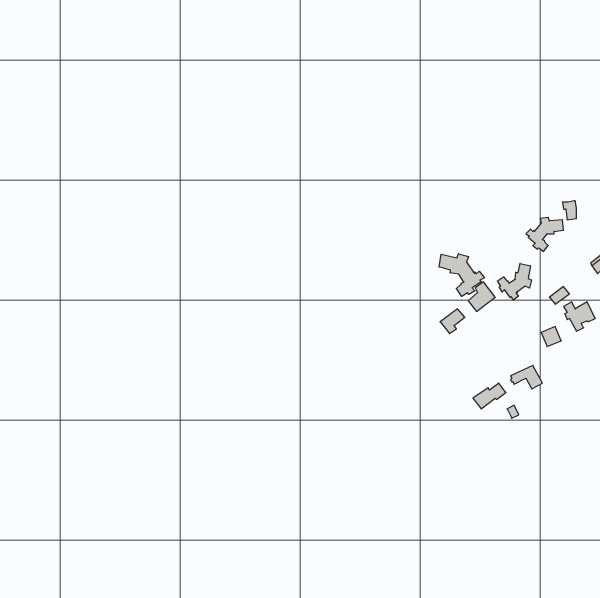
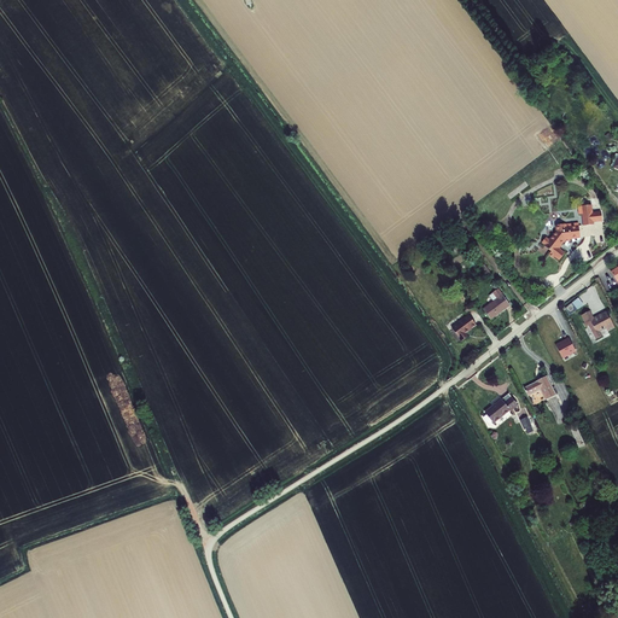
building: [439,254,484,296] -> none
building: [497,263,532,300] -> none

